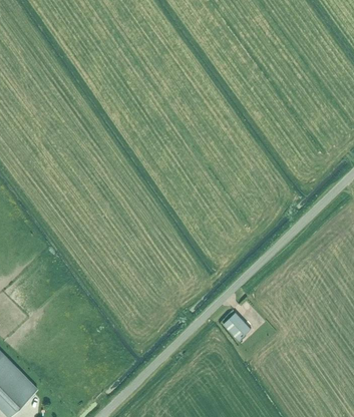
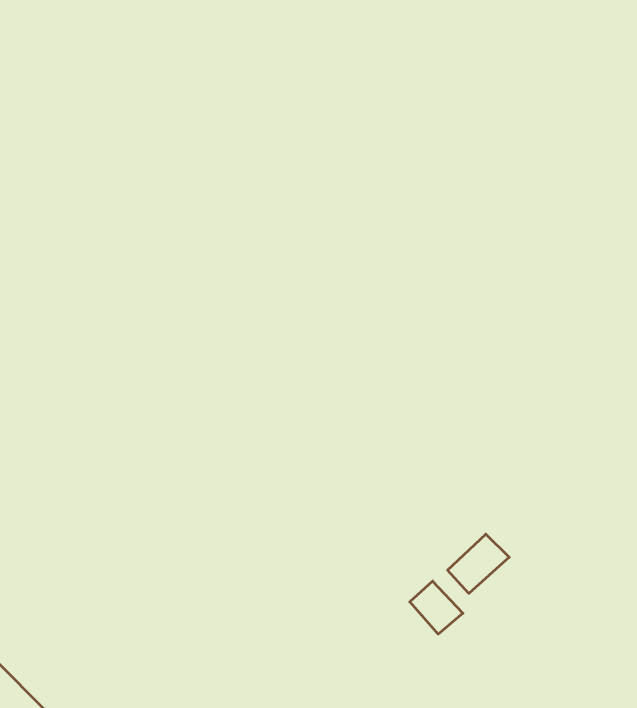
building: none -> [448,534,509,593]

